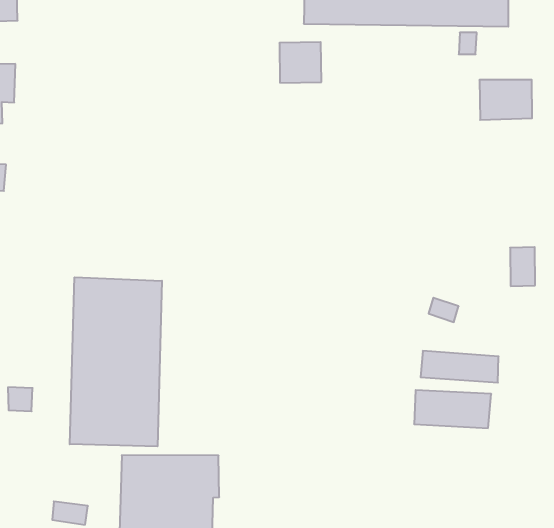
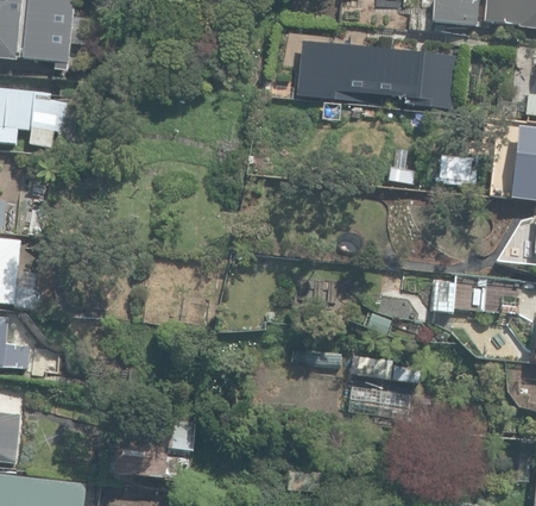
building: [70,277,162,446] -> none

